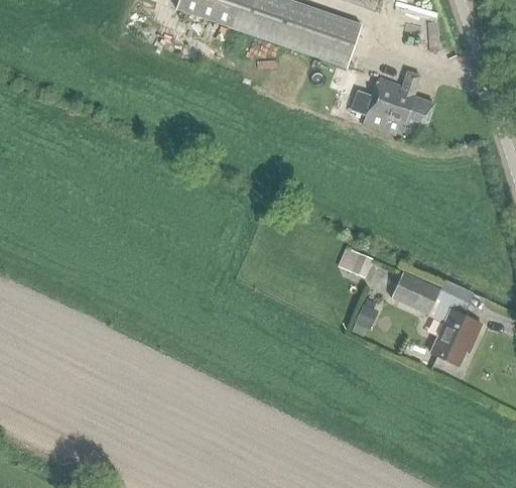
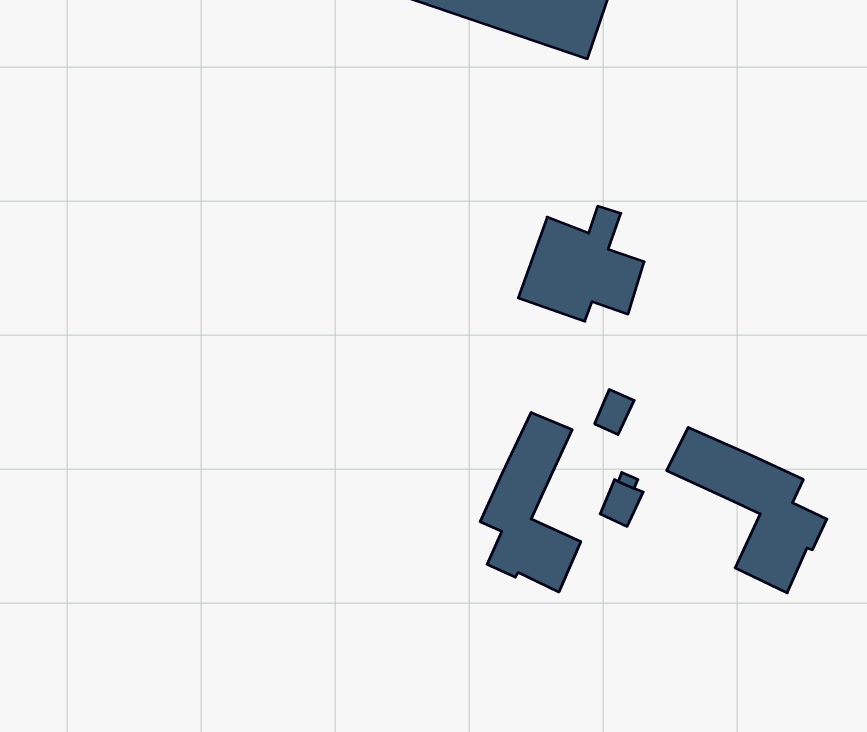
building: [362,71,432,135] -> [518,206,644,321]
building: none -> [480,412,581,592]

